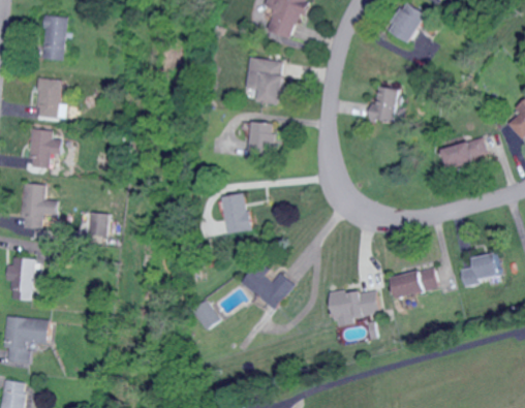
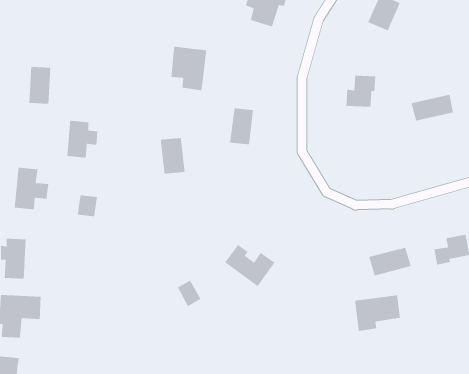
building: [41,15,66,60] -> none
building: [247,57,285,104] -> [170,46,207,91]
building: [29,128,62,168] -> [67,120,98,158]
building: [440,137,486,166] -> [411,94,454,122]
building: [222,193,249,232] -> [160,137,185,175]
building: [331,288,379,327] -> [354,294,401,332]

